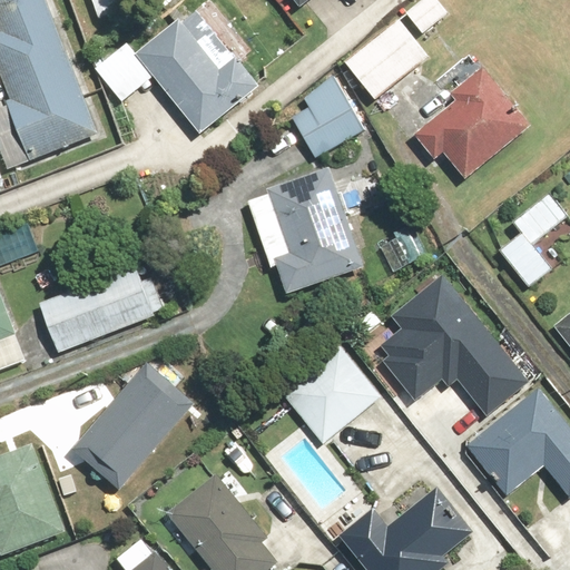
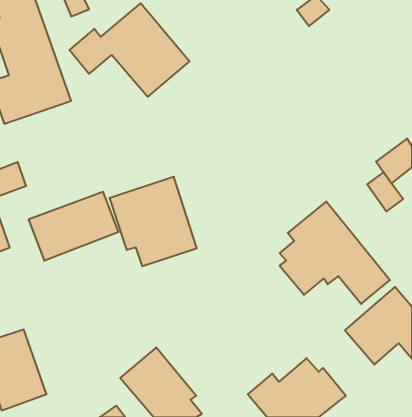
building: [344,20,429,100] -> none
building: [415,65,532,177] -> none
building: [292,79,363,157] -> none
building: [245,169,364,291] -> [109,177,197,266]
building: [282,343,380,440] -> none
building: [69,357,193,484] -> none

